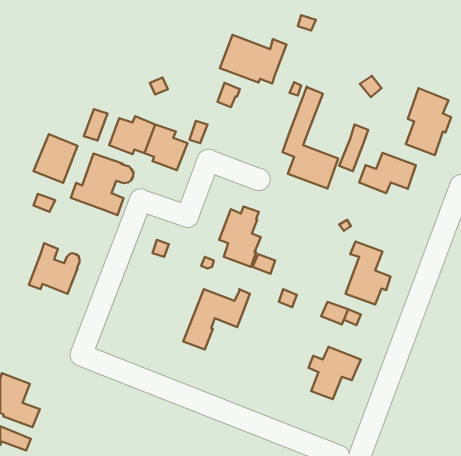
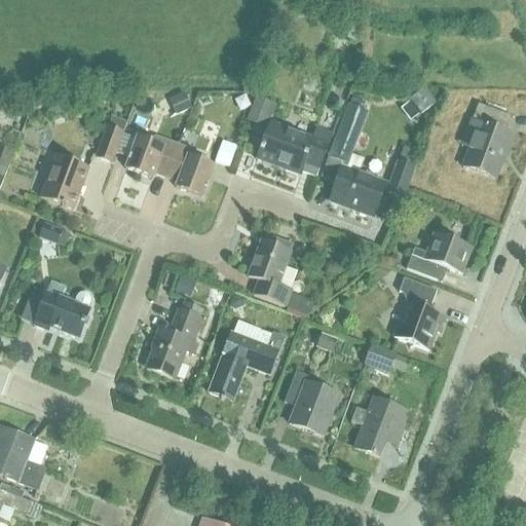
building: [220,35,286,83] -> [255,119,331,175]
building: [359,153,416,193] -> [407,231,472,277]
building: [71,153,134,215] -> none
building: none -> [147,300,203,376]
building: none -> [285,368,341,434]

